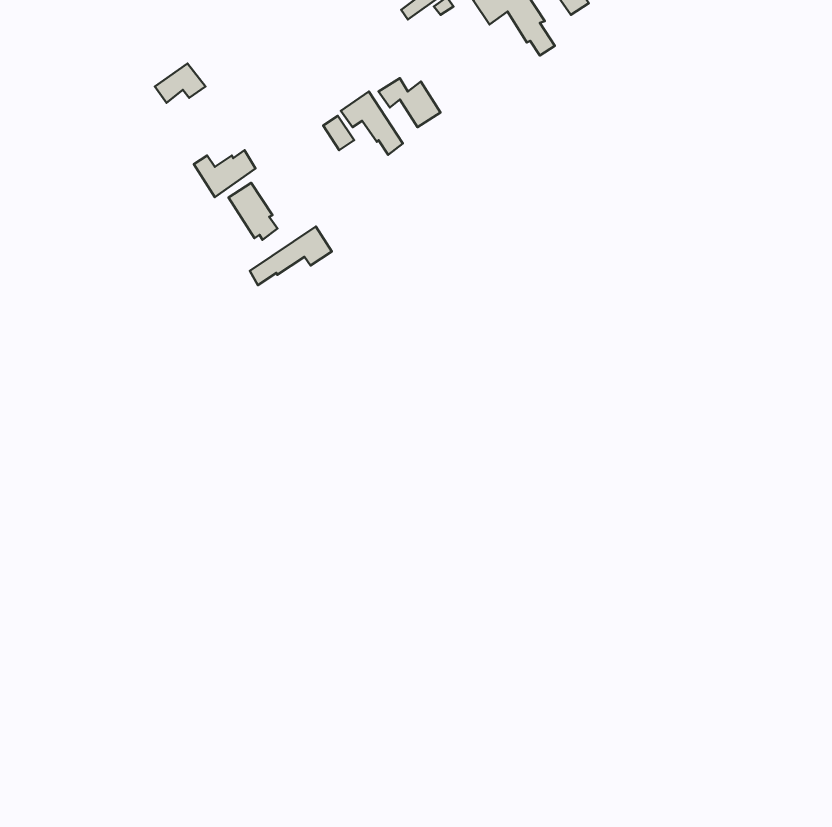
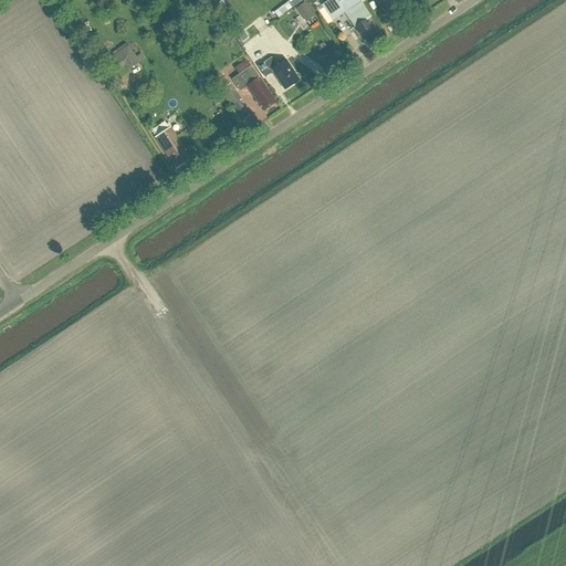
building: [194,150,256,197] -> none
building: [250,226,332,285] -> none

